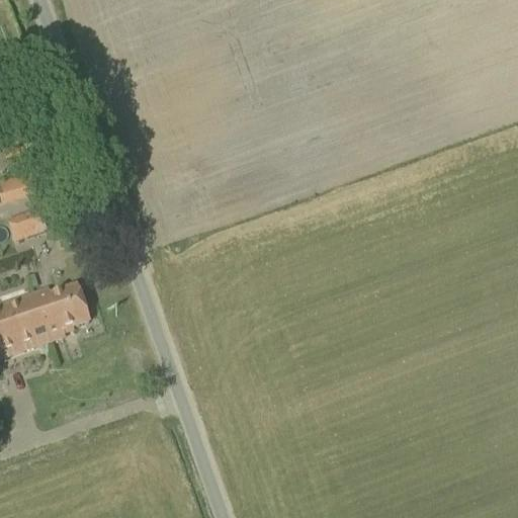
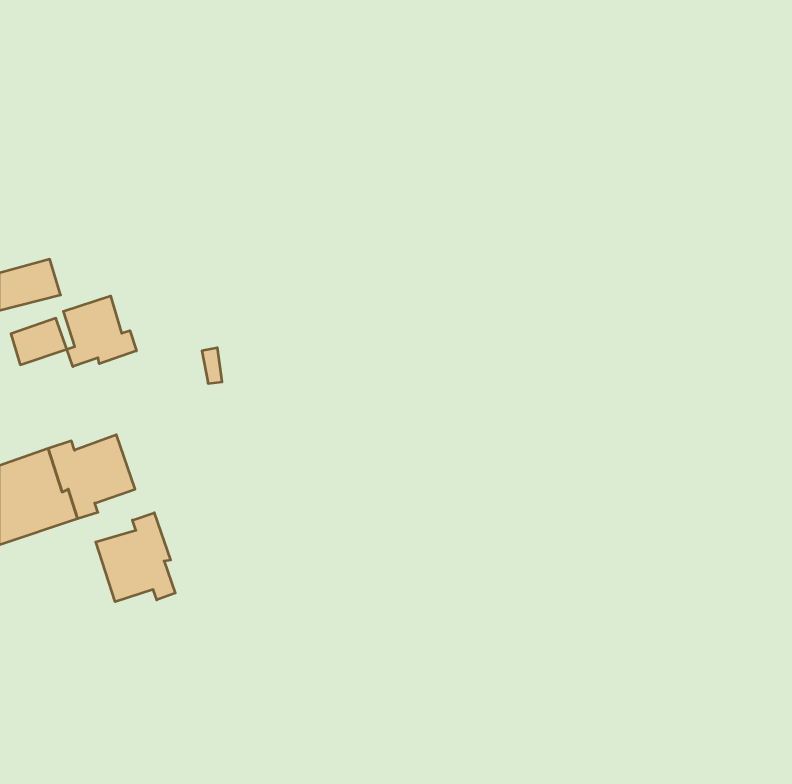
building: none -> [63,296,136,367]
building: none -> [96,513,175,602]

